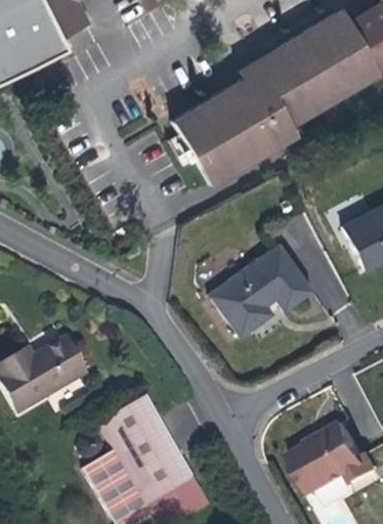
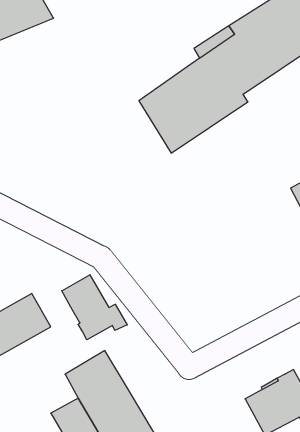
building: [209,242,313,336] -> none
building: none -> [62,275,127,340]

